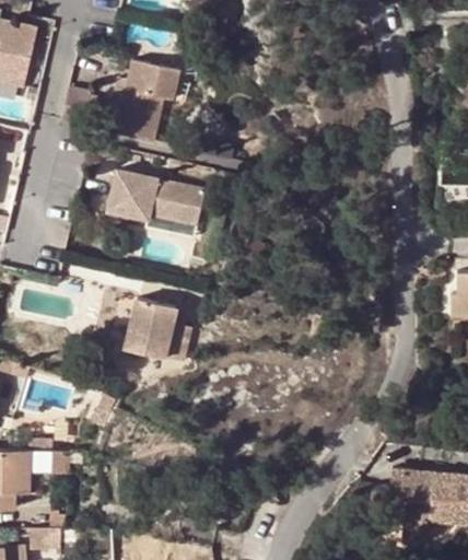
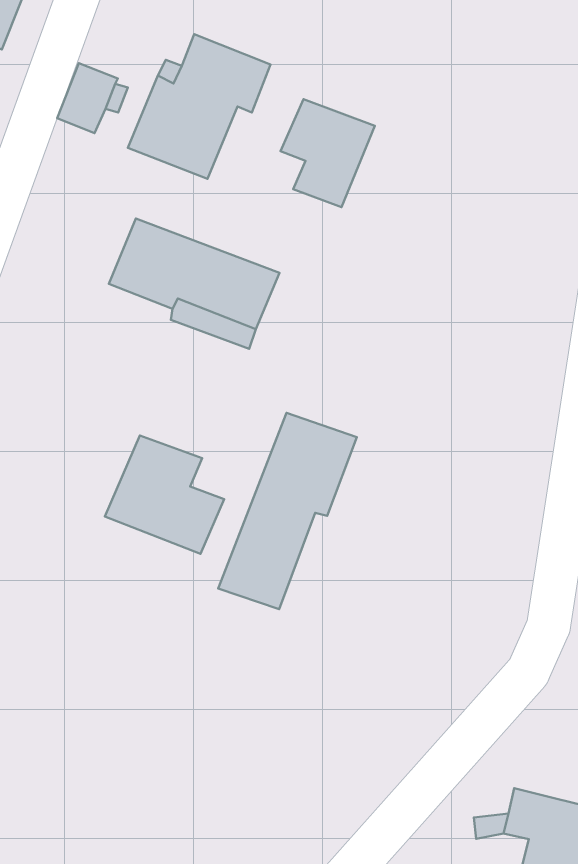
building: none -> [281,99,375,207]
building: none -> [218,413,357,609]

